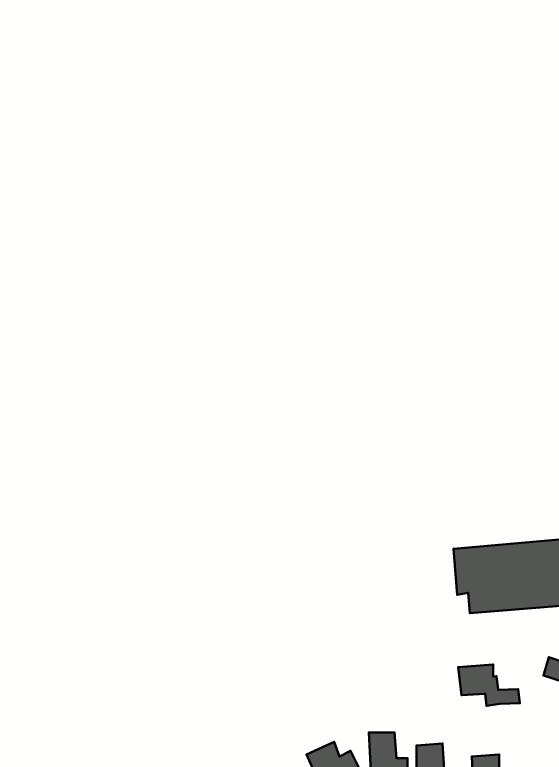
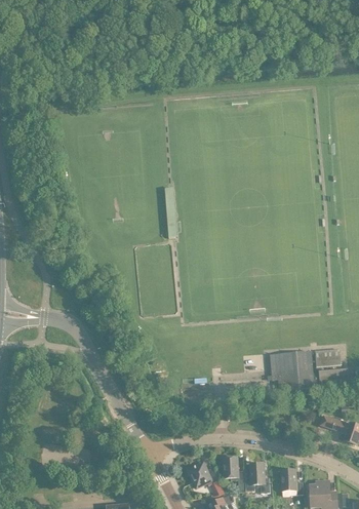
building: [458,664,520,706] -> none

